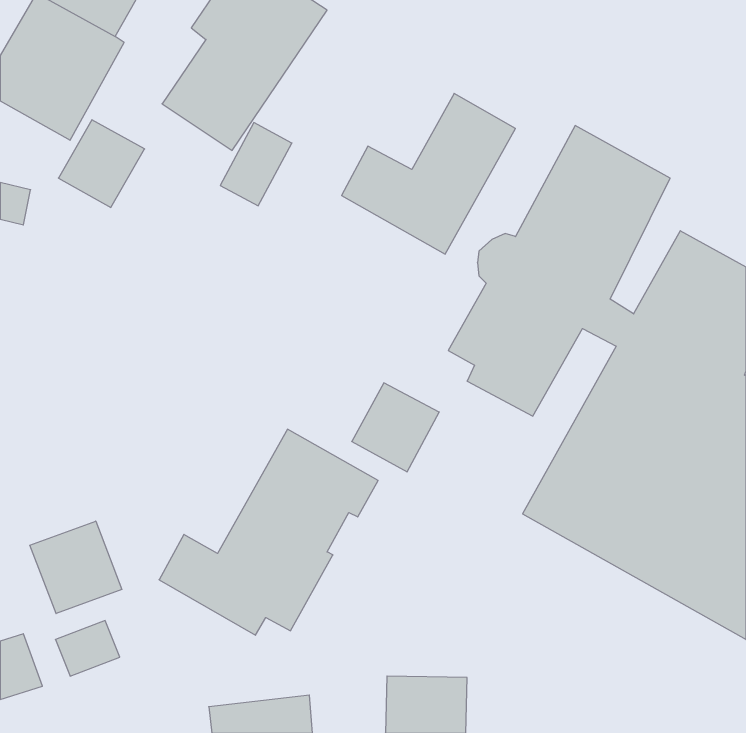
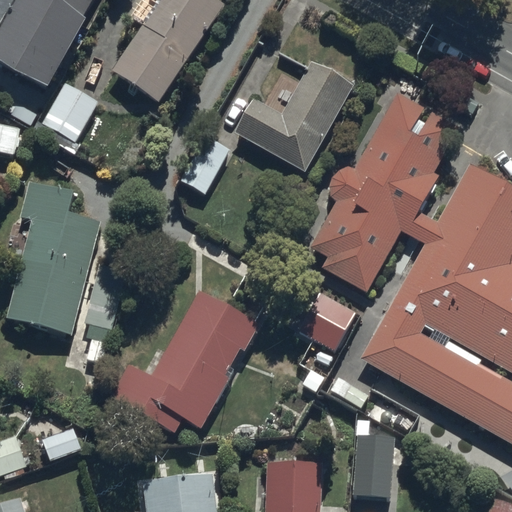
building: [220,123,292,206] -> [180,136,229,193]
building: none -> [5,178,99,338]
building: [352,383,439,472] -> [297,291,357,352]
building: [30,521,122,614] -> none
building: none -> [352,436,394,498]

